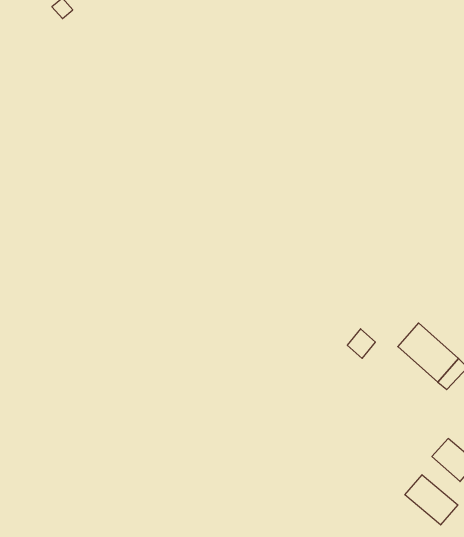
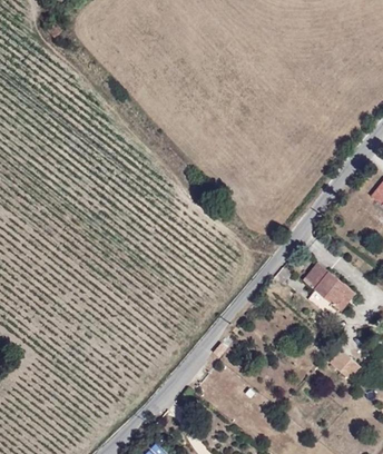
building: [405,475,458,525] -> none

